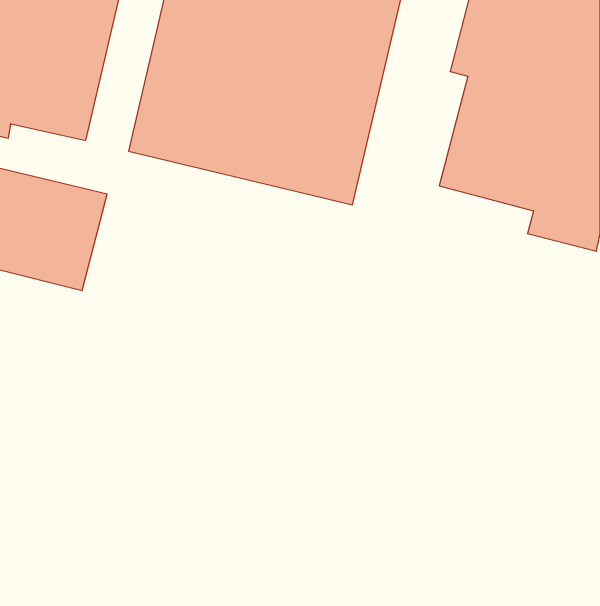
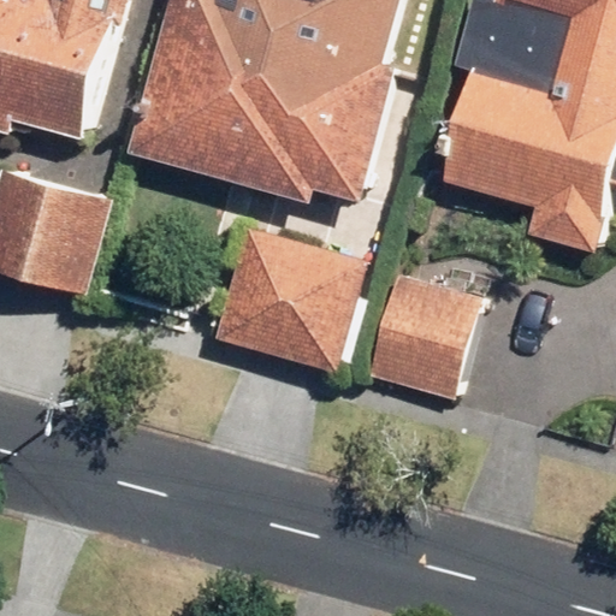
building: none -> [215,225,365,368]
building: none -> [369,276,481,402]

